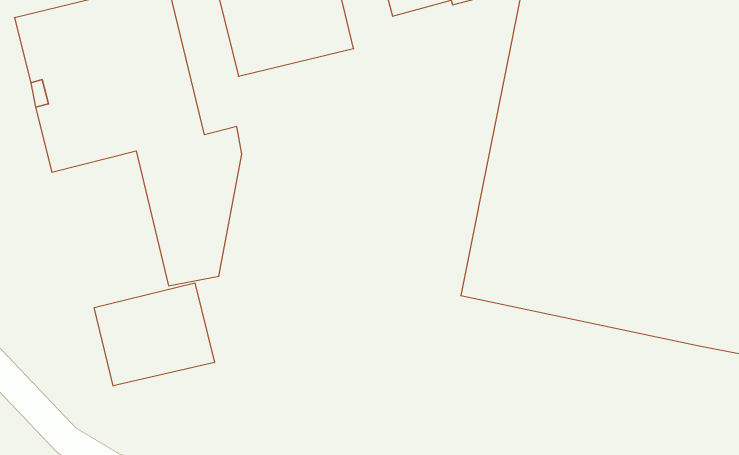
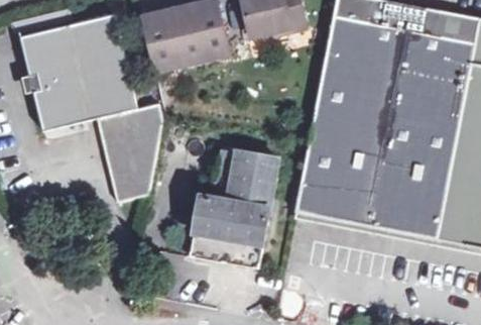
building: none -> [192,149,278,268]
building: [94,283,214,386] -> none

